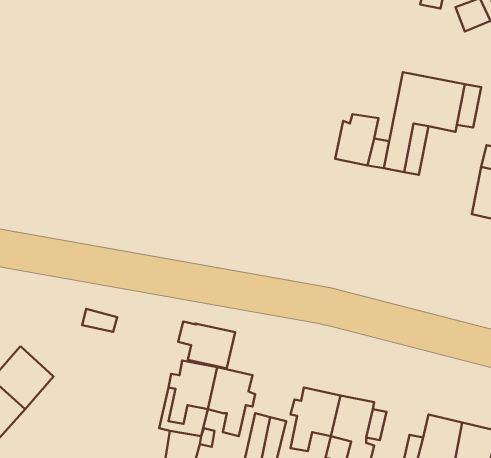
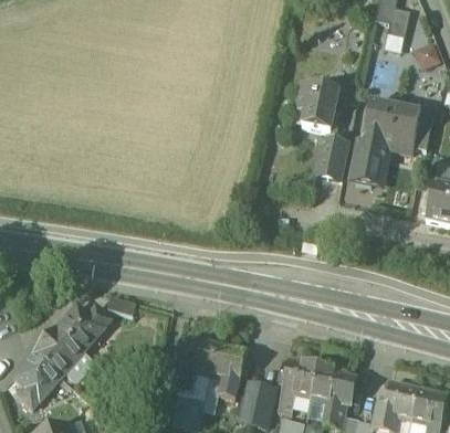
building: none -> [294,83,339,130]
building: none -> [57,305,111,351]
building: [178,322,235,369] -> none

